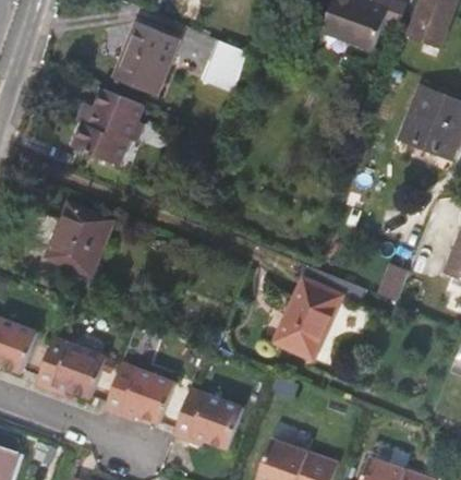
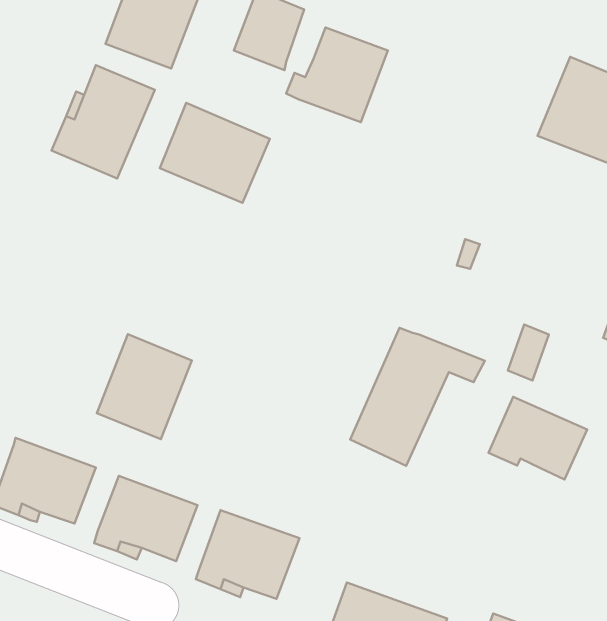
building: none -> [286,27,388,122]
building: none -> [160,103,270,203]
building: [47,203,110,273] -> [97,334,192,439]
building: none -> [488,397,587,480]

